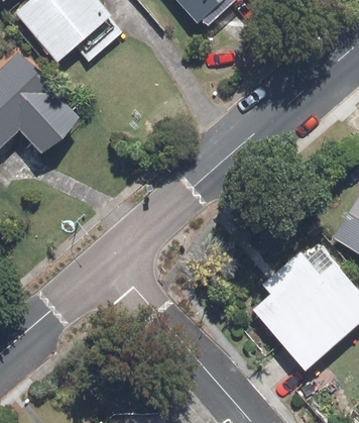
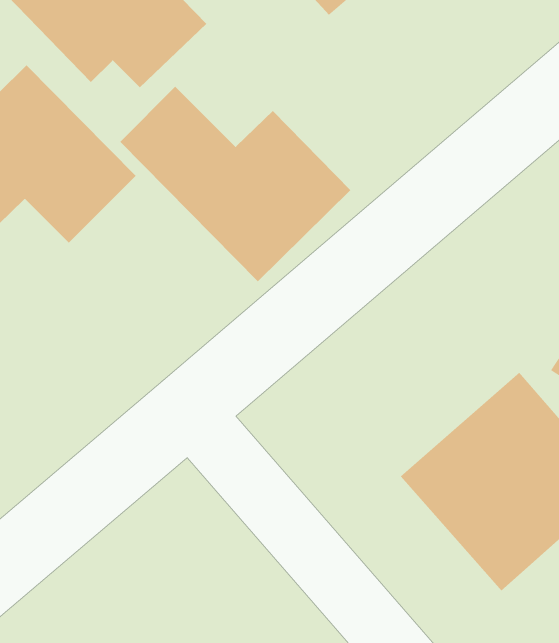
building: none -> [119,86,351,282]

